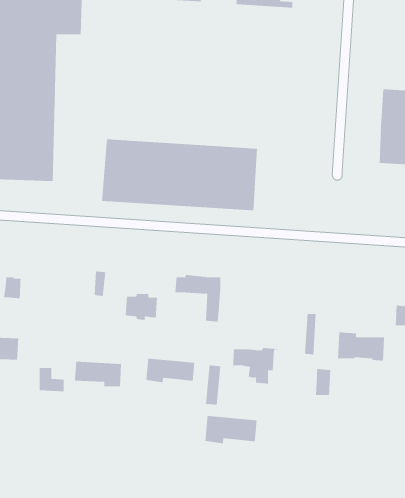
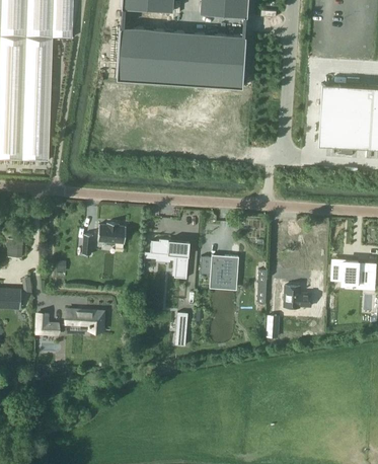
building: [101,139,258,211] -> [116,27,245,87]
building: [125,294,158,321] -> [97,223,125,245]
building: [232,347,279,384] -> [200,255,238,286]
building: [146,358,195,383] -> none
building: [205,415,257,444] -> none

